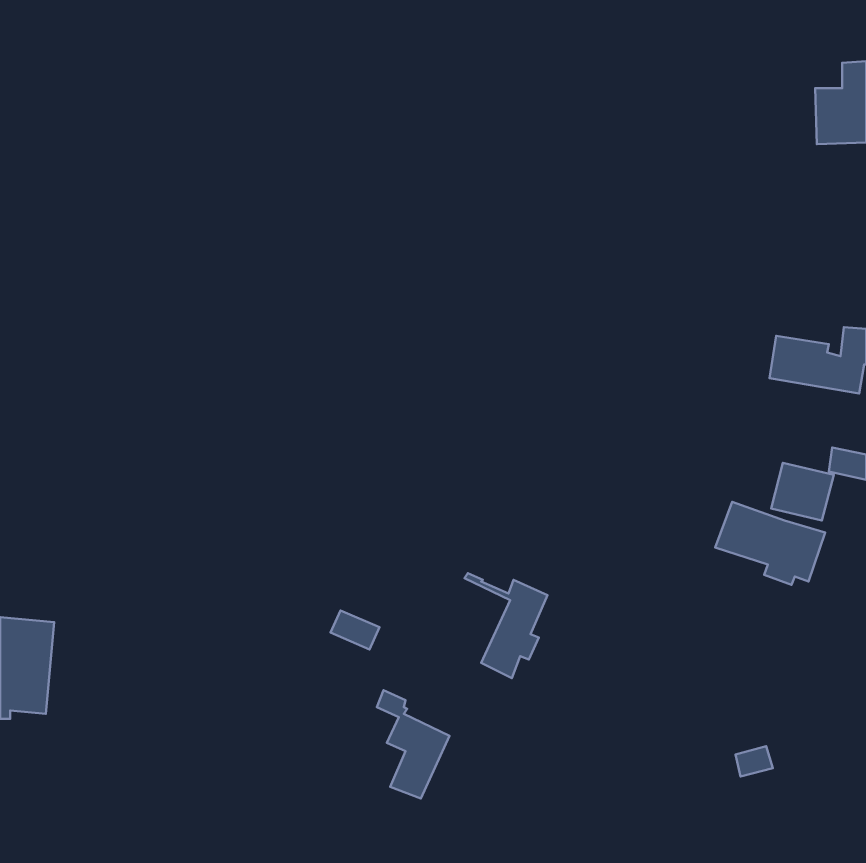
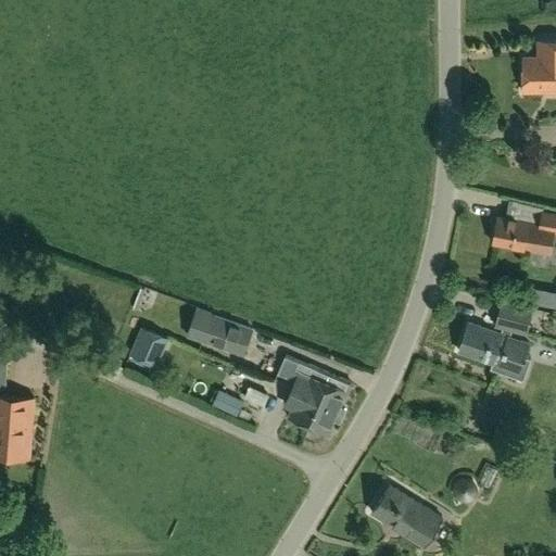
building: none -> [189,309,253,358]
building: none -> [129,334,164,370]
building: [377,690,450,799] -> [280,357,327,427]
building: none -> [371,485,443,547]

